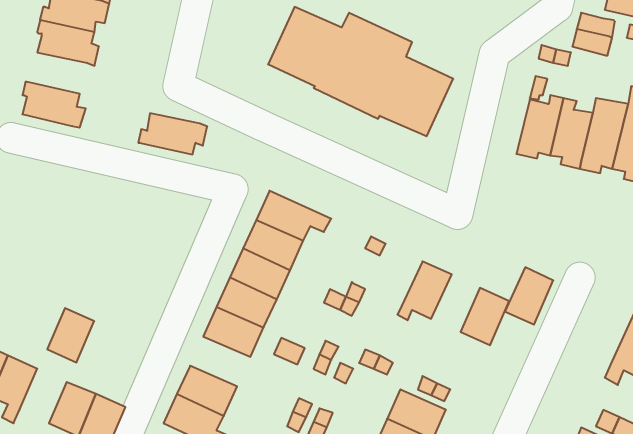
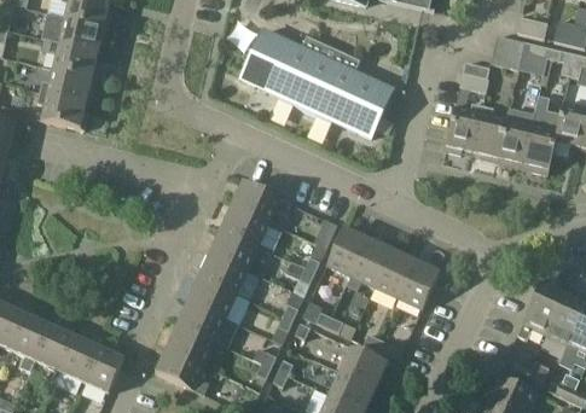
building: [138,113,207,154] -> [41,68,98,101]
building: none -> [326,227,367,275]
building: [505,267,553,325] -> [375,250,414,297]
building: [47,308,94,362] -> [36,327,75,372]
building: none -> [176,301,226,342]

